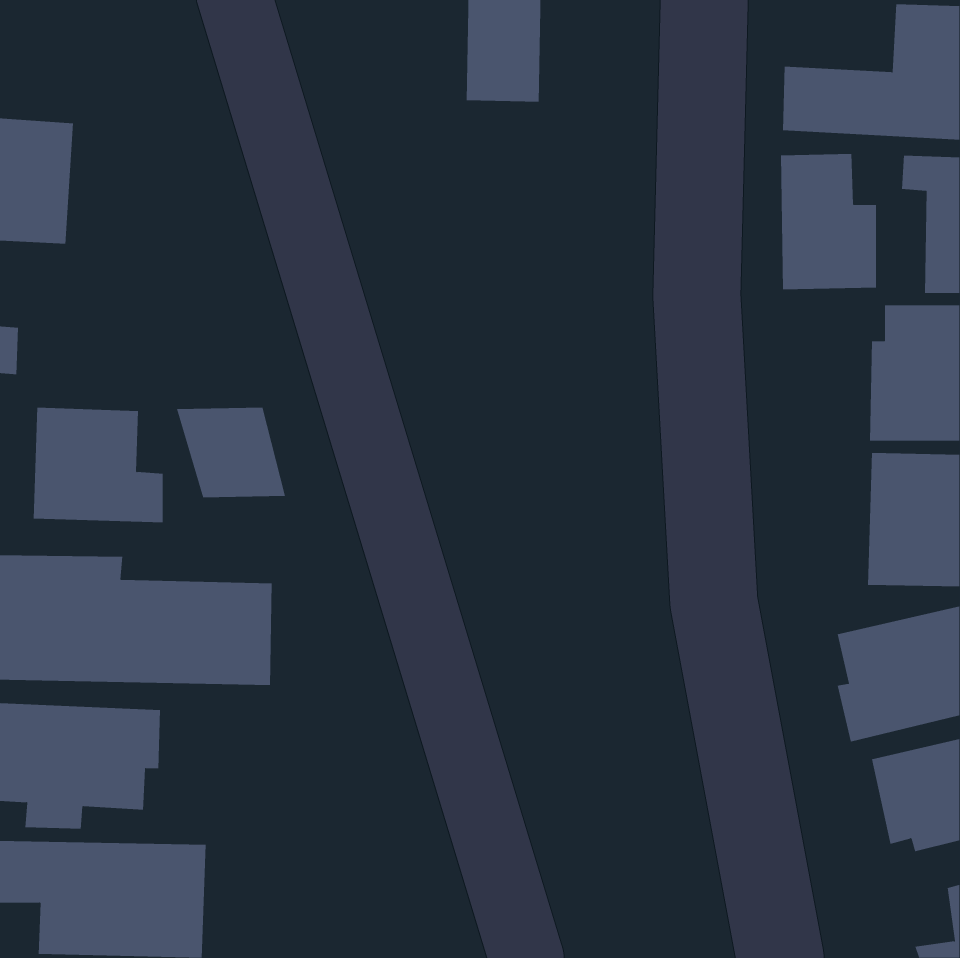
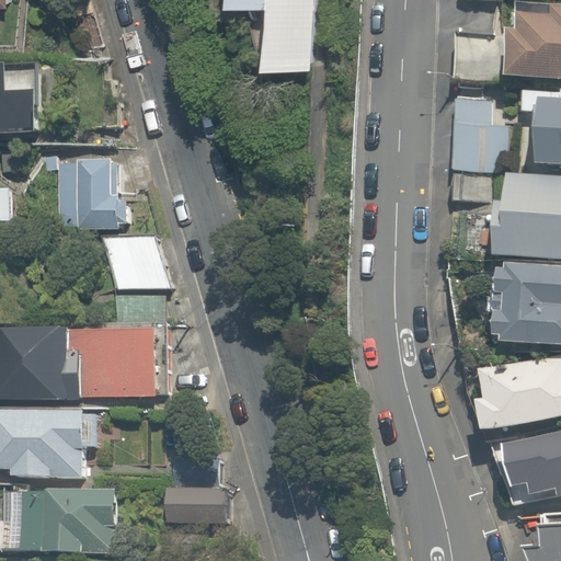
building: [33,407,163,523] -> [51,162,127,229]
building: none -> [163,488,228,528]

